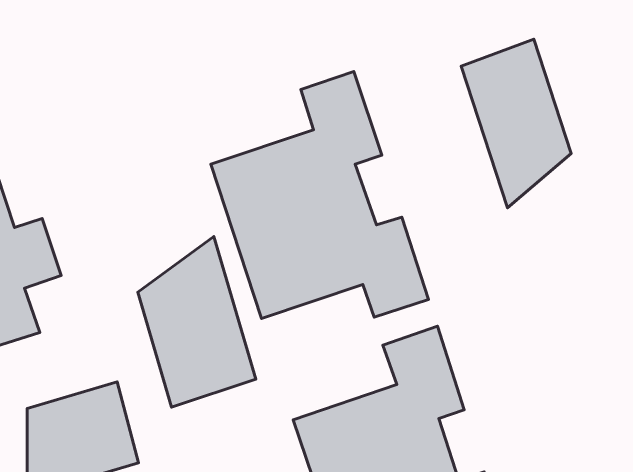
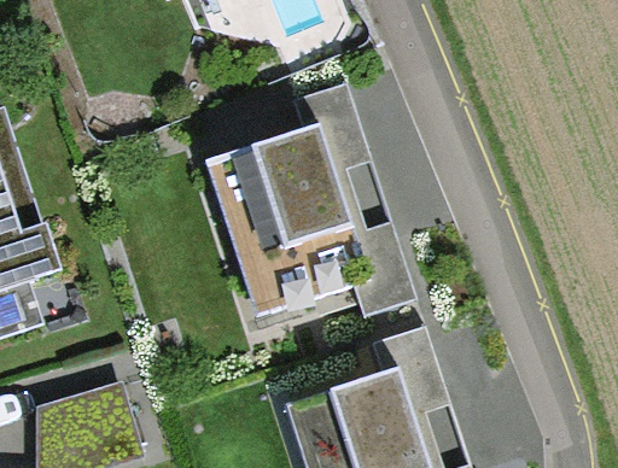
building: [461,39,571,208] -> none
building: [138,237,256,407] -> none

